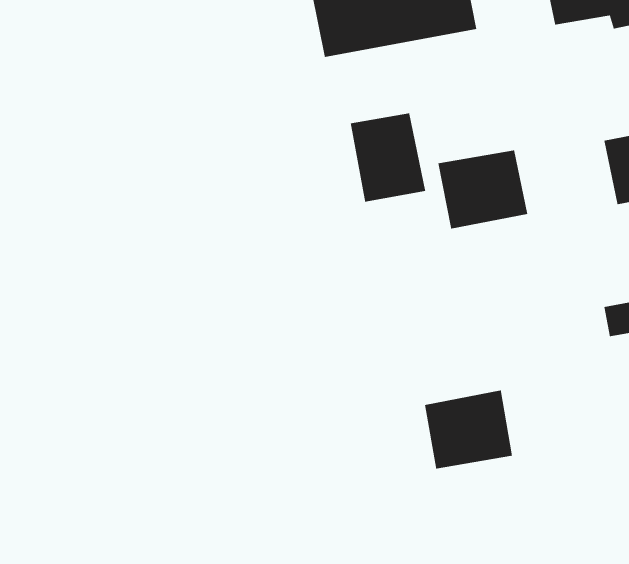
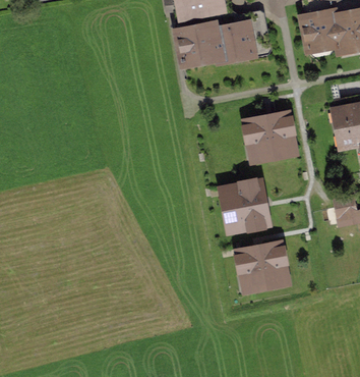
building: [350,112,426,202] -> none
building: none -> [225,184,267,232]

